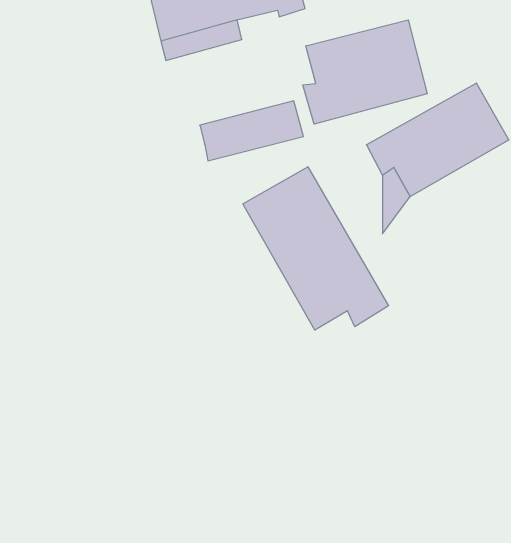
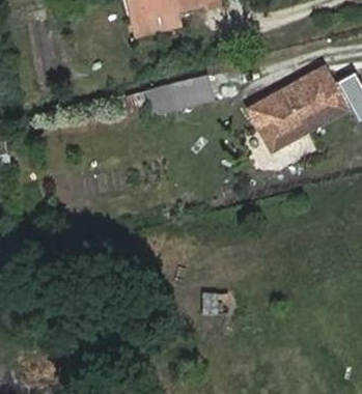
building: [303,20,427,124] -> none
building: [243,167,389,330] -> none

